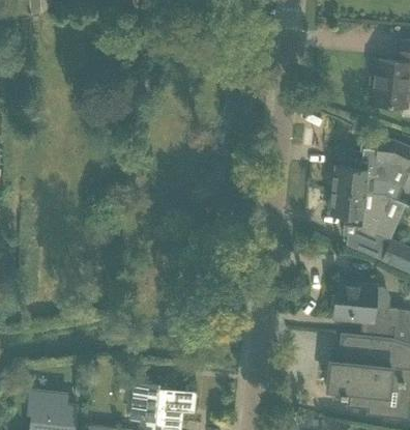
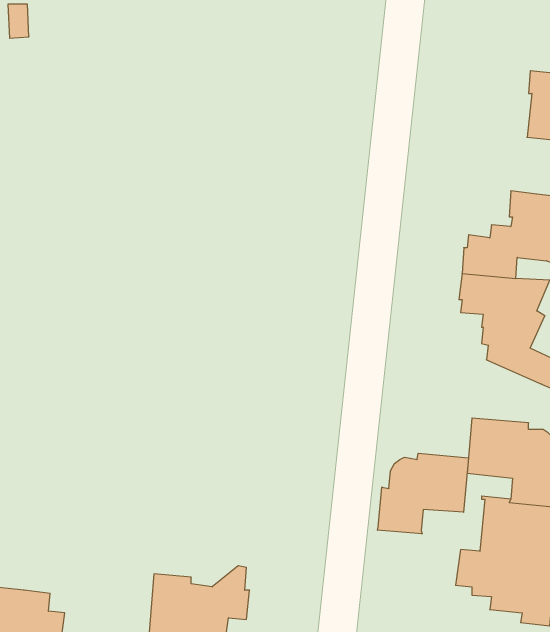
building: none -> [378,453,468,534]

